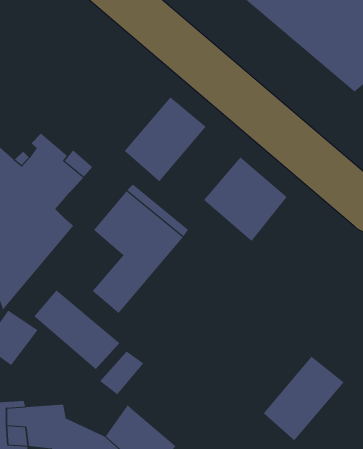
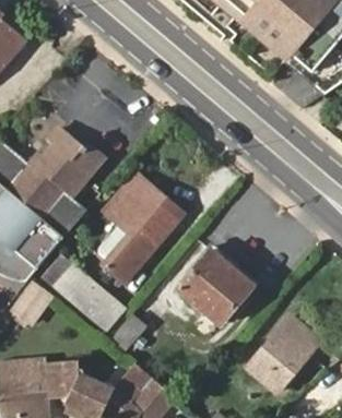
building: [124,97,207,182] -> none
building: [203,157,287,242] -> [178,251,250,324]

